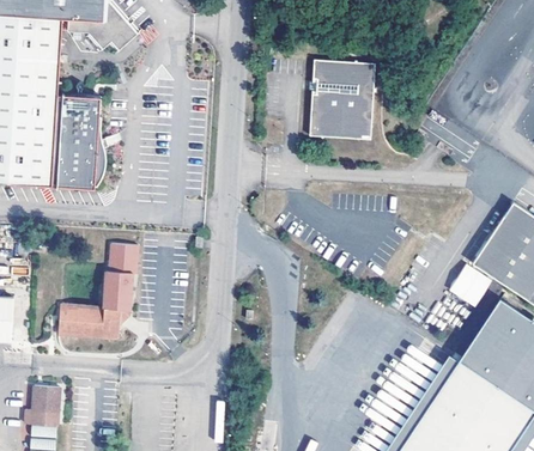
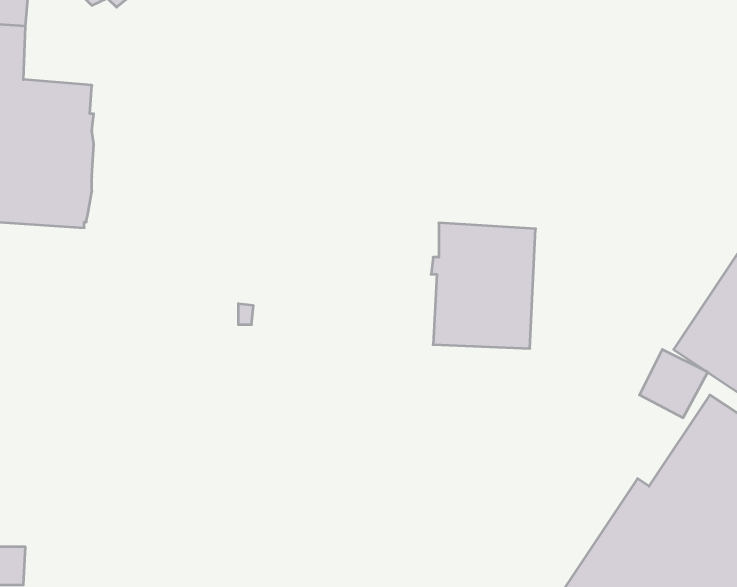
building: [310,59,376,138] -> [431,223,536,348]
building: [61,243,139,340] -> none

